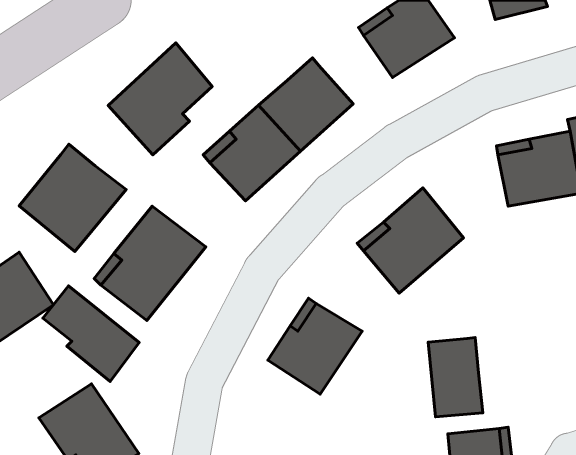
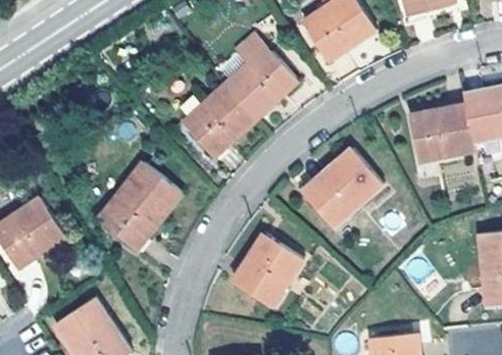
building: [108,43,212,155] -> none
building: [19,144,126,252] -> none
building: [43,286,139,381] -> none
building: [428,337,483,417] -> none

